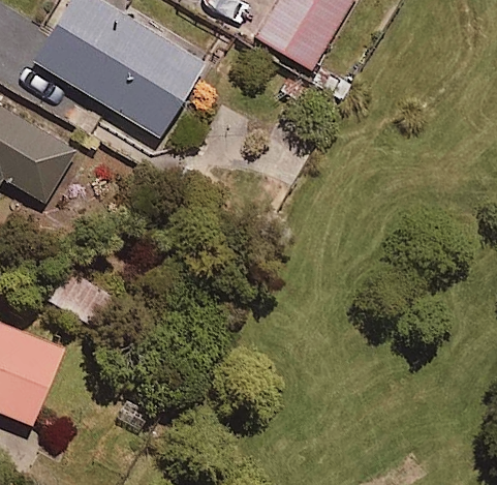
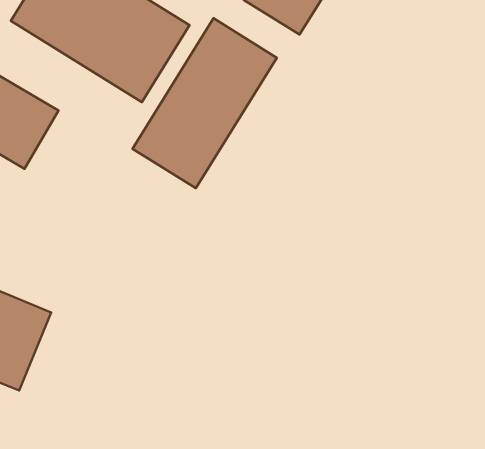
building: none -> [133,18,277,188]

